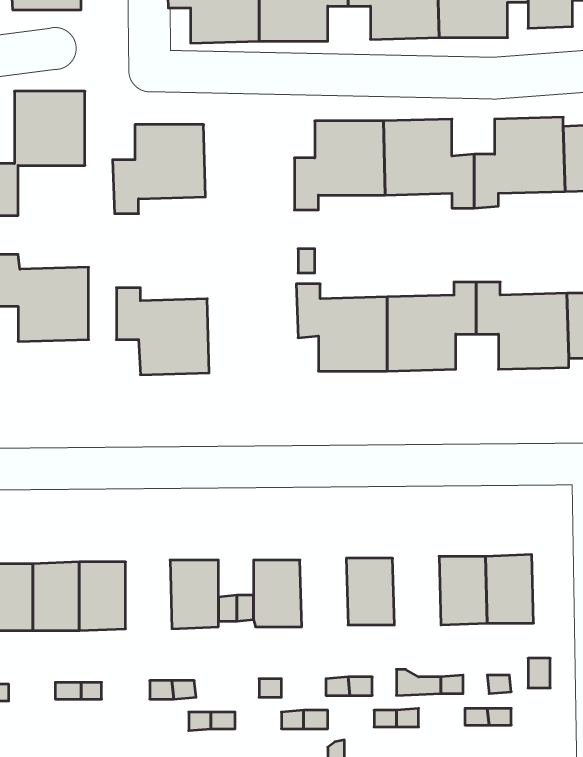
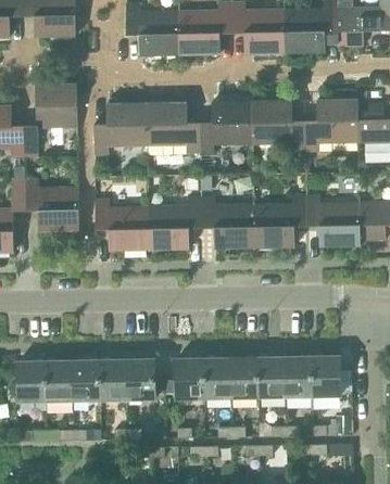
building: none -> [147,102,200,153]
building: none -> [149,196,202,249]
building: none -> [257,356,286,396]
building: none -> [203,357,231,397]
building: none -> [101,358,128,398]

